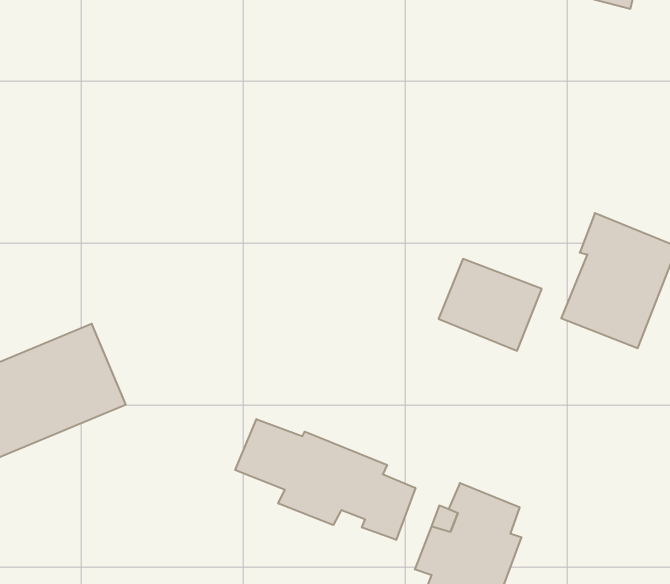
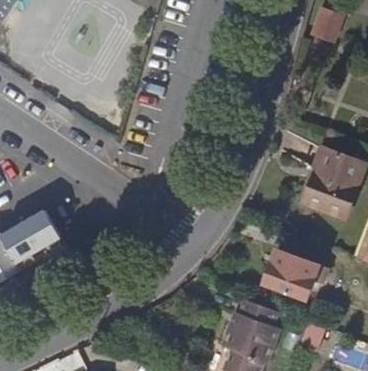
building: [439,259,542,351] -> [264,245,319,294]
building: [235,419,415,540] -> none

